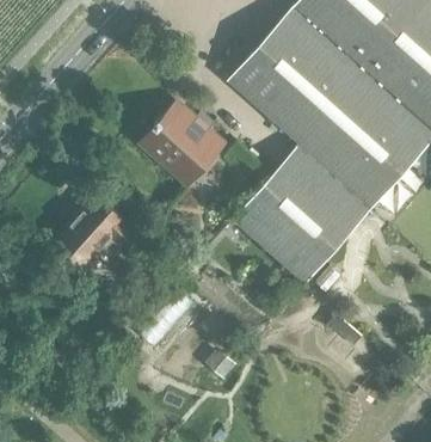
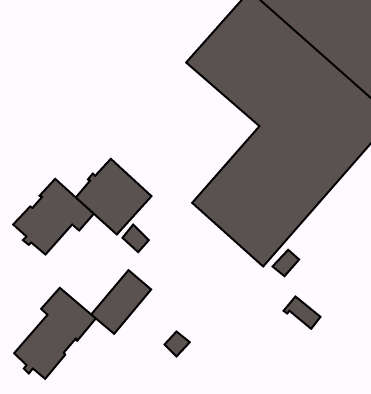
building: [144,106,220,182] -> [76,159,152,235]
building: none -> [14,288,96,379]

